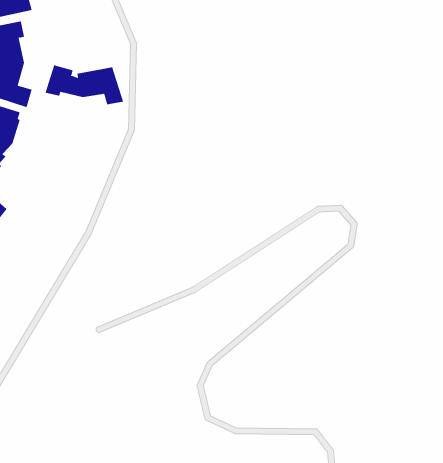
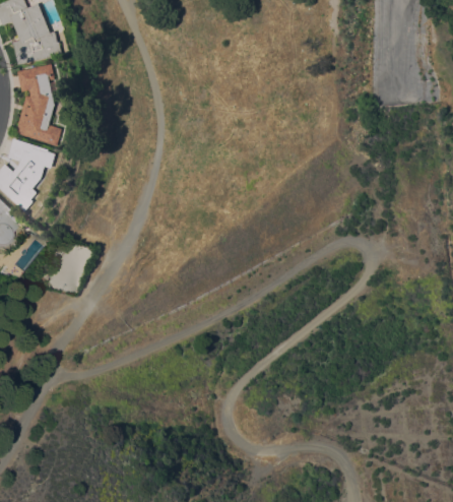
building: [45,64,124,105] -> none

